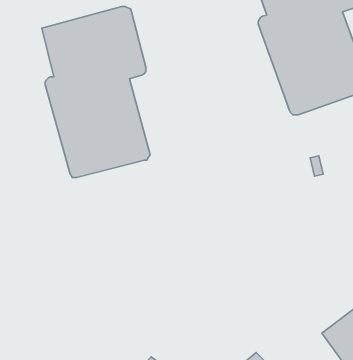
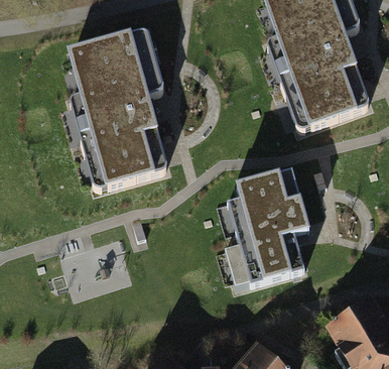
building: none -> [226,163,311,283]

